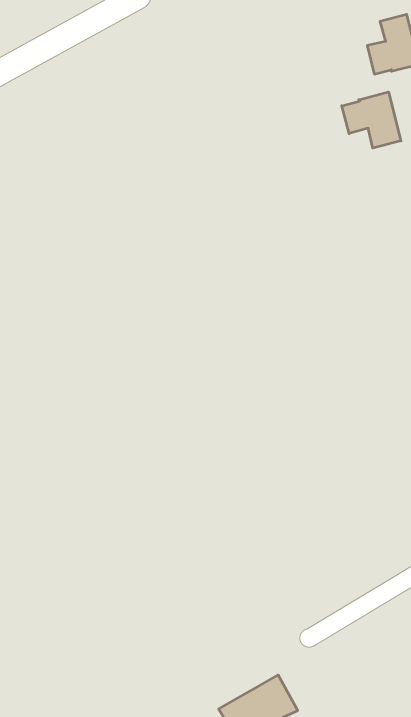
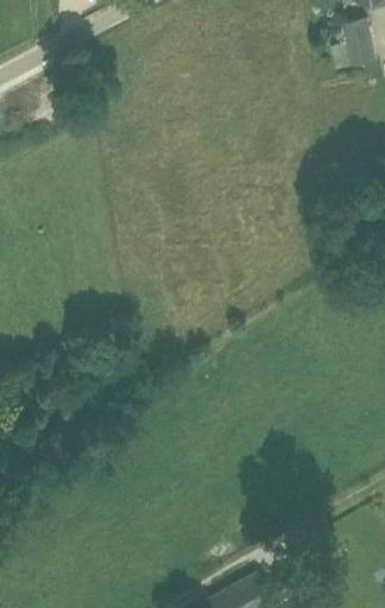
building: [342,92,401,148] -> none

